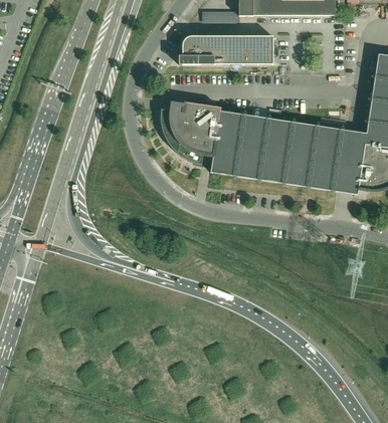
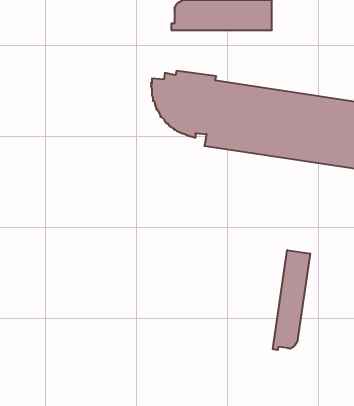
building: none -> [273,250,310,350]

